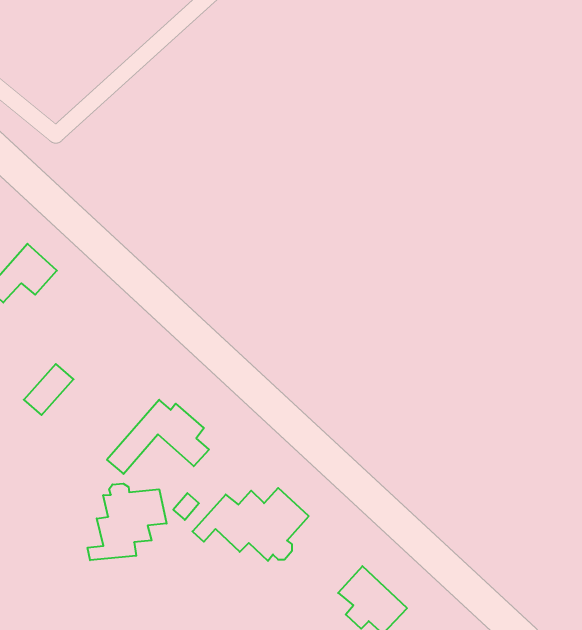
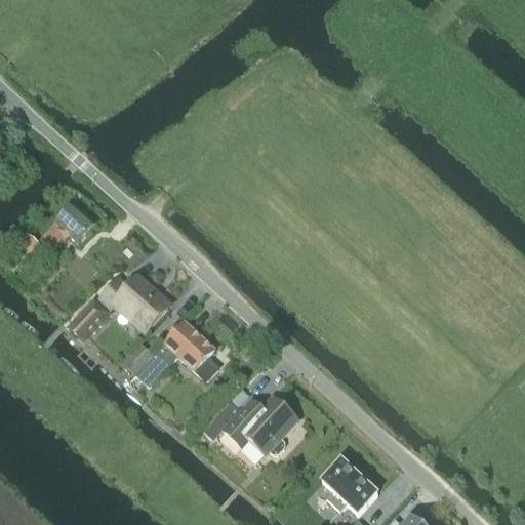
building: none -> [102,274,169,326]
building: [88,484,167,560] -> none

